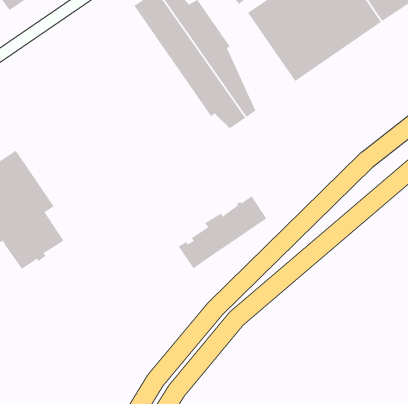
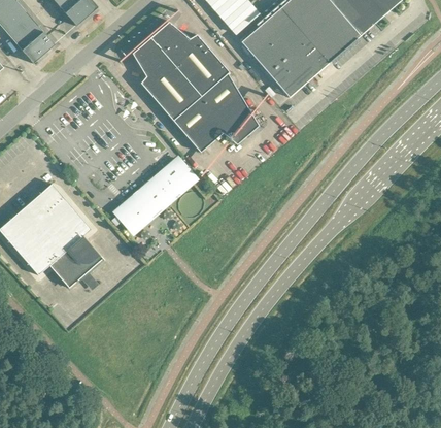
building: none -> [132,45,218,152]
building: [178,195,267,269] -> [118,158,194,228]

